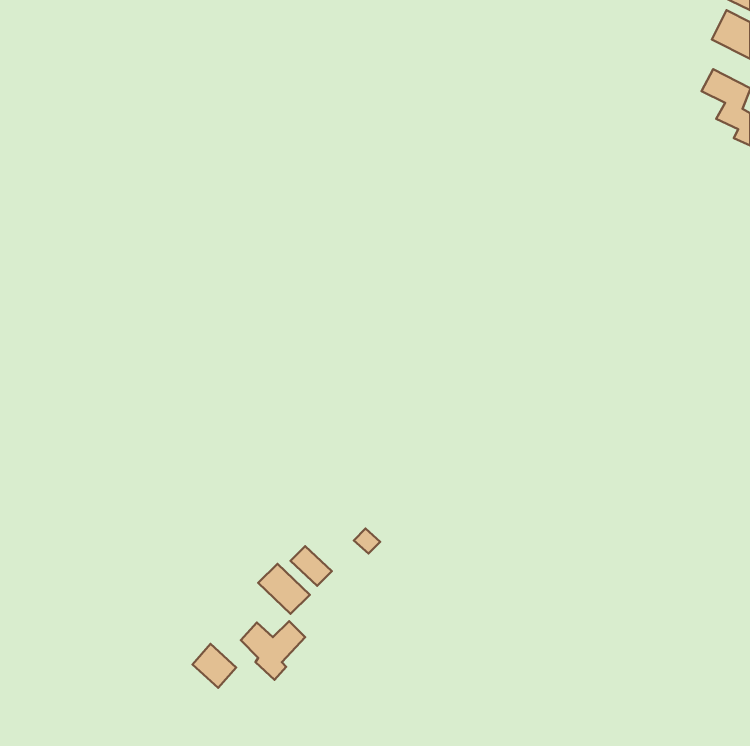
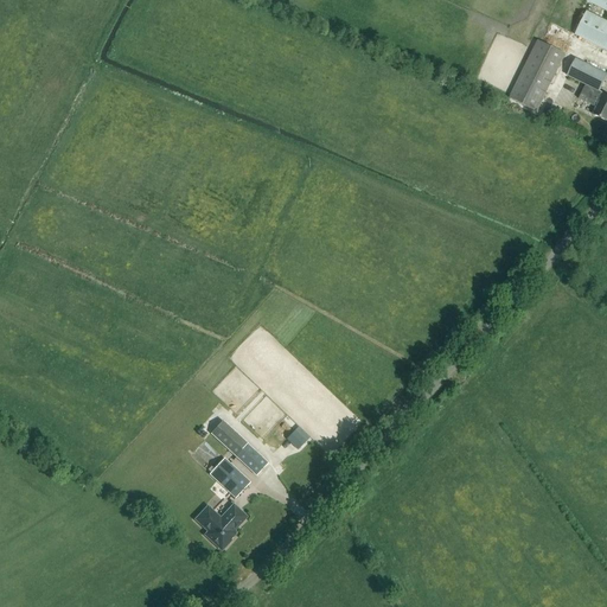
building: none -> [509,37,566,109]
building: none -> [211,418,247,453]
building: [193,644,236,688] -> none

